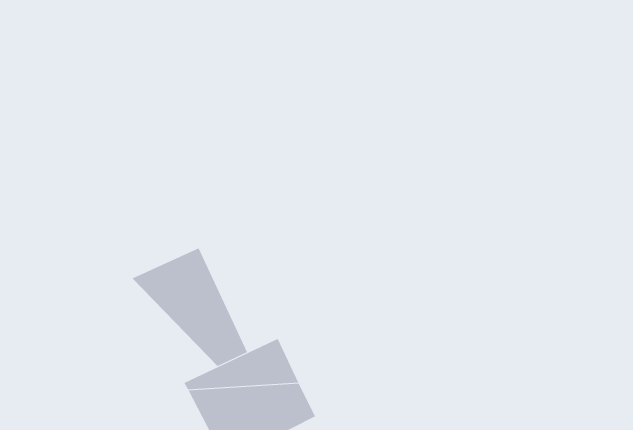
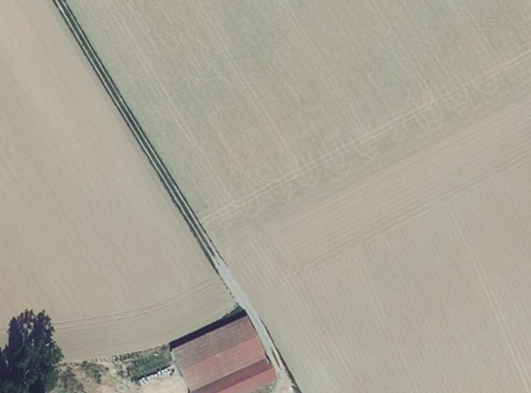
building: [131,247,248,367] -> none

